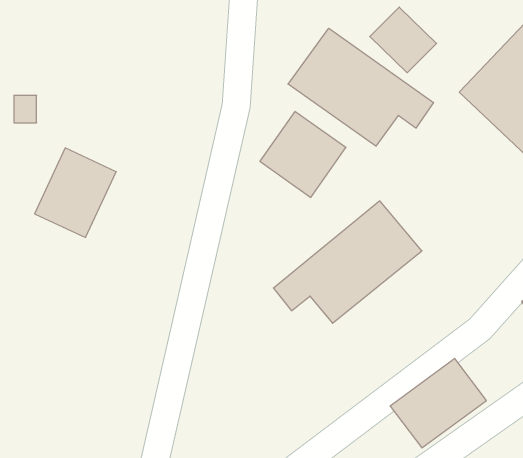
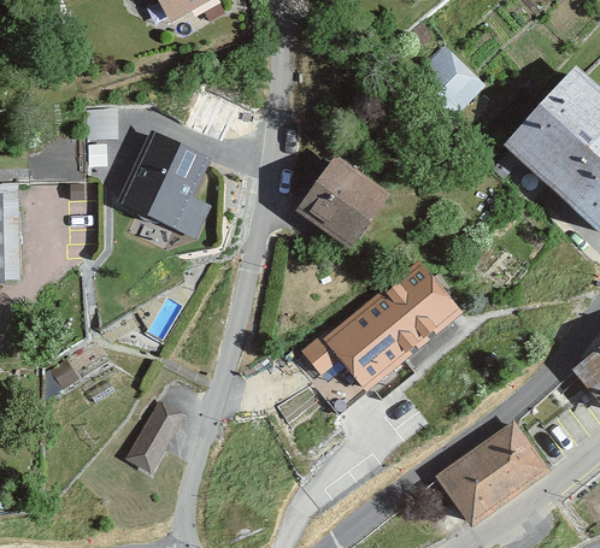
building: [288,28,434,146] -> none
building: [35,148,116,237] -> [122,136,208,231]
building: none -> [120,396,181,471]

